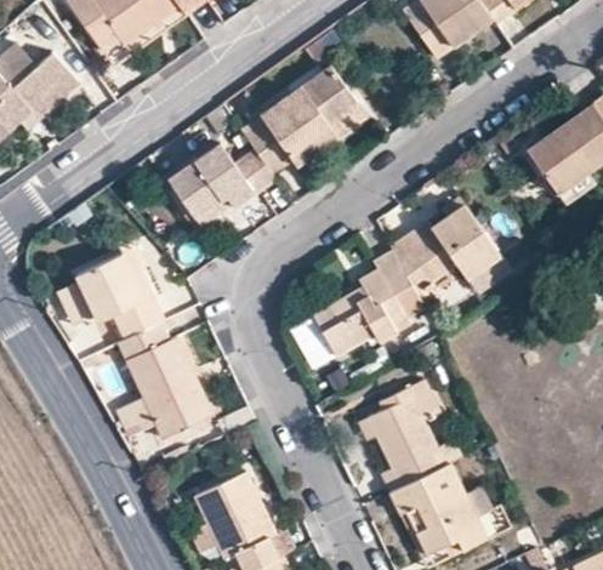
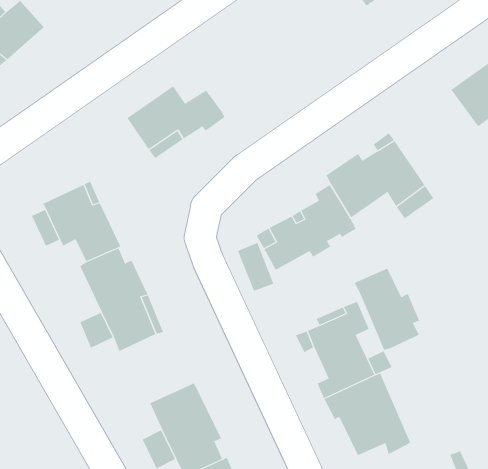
building: [244,64,360,172] -> none
building: none -> [354,268,420,351]

